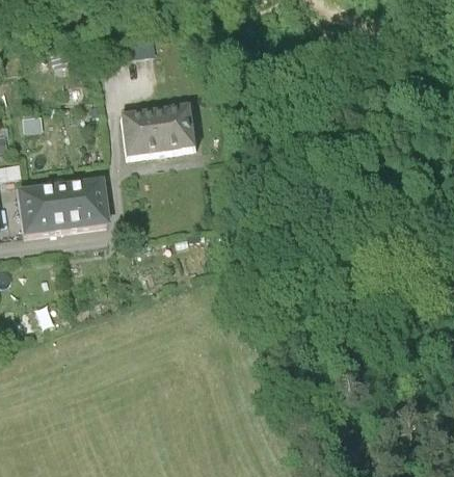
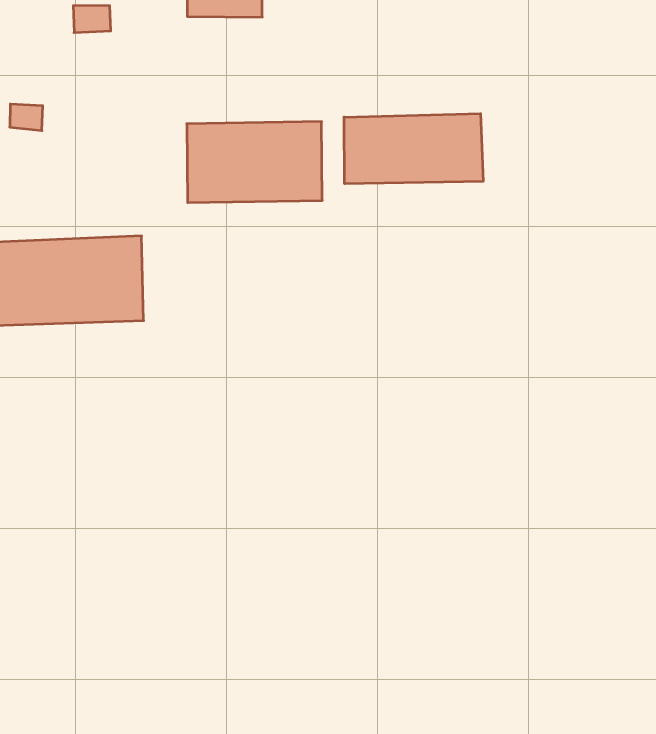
building: none -> [344,114,483,184]

